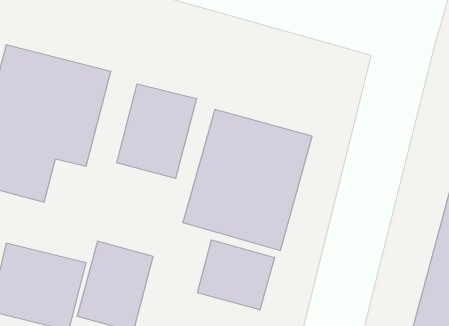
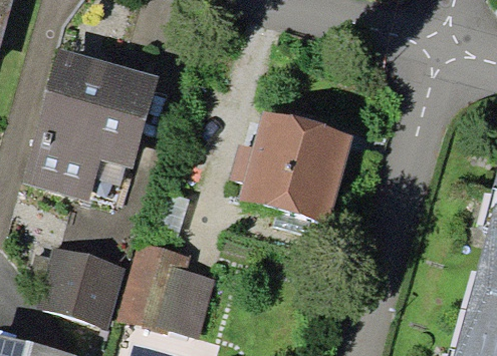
building: [117,84,197,178] -> none
building: [198,240,274,310] -> none

